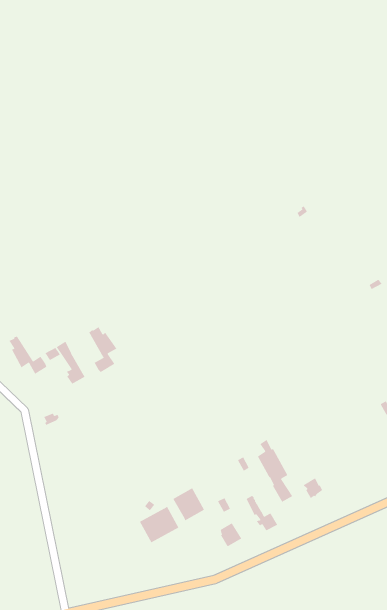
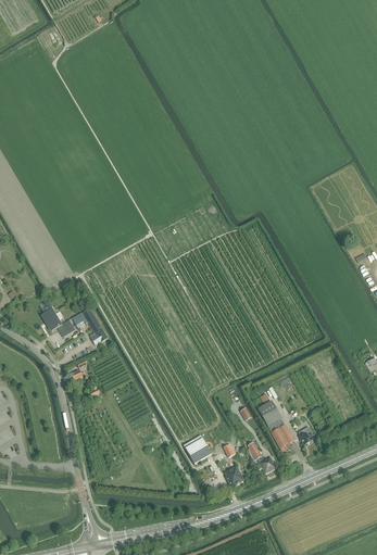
building: [89,326,117,373] -> none
building: [139,506,179,543] -> none

